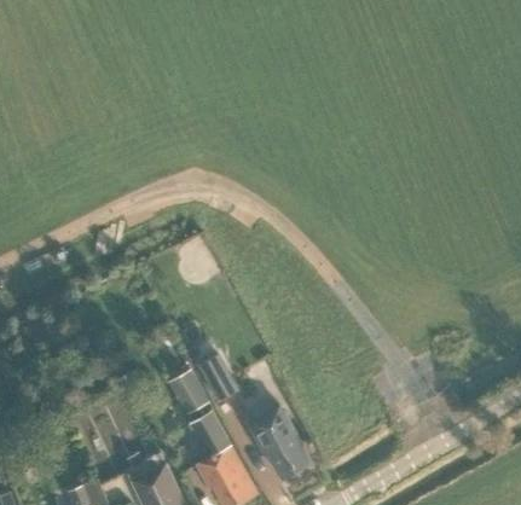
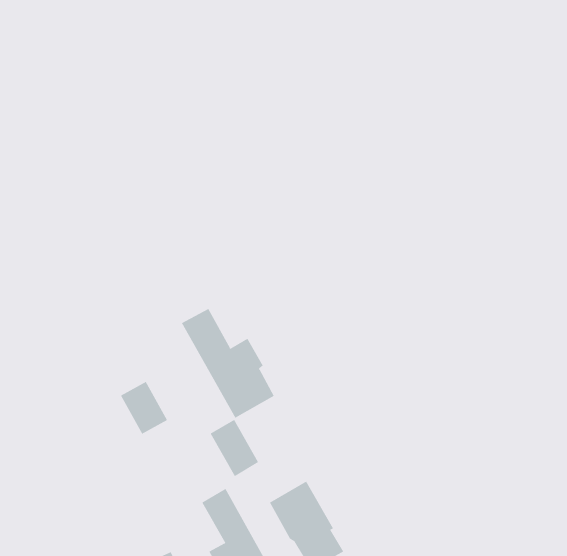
building: none -> [181,308,274,418]
building: [169,370,209,414] -> [120,381,168,435]

